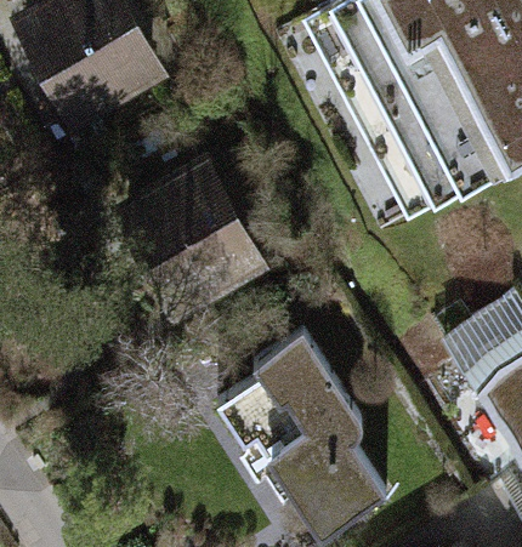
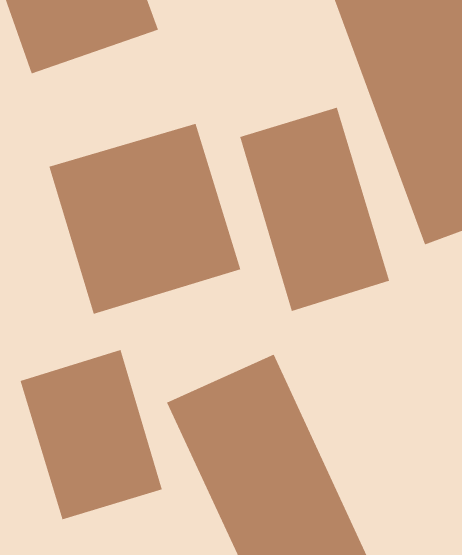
building: none -> [240,107,390,312]
building: none -> [20,349,162,520]

